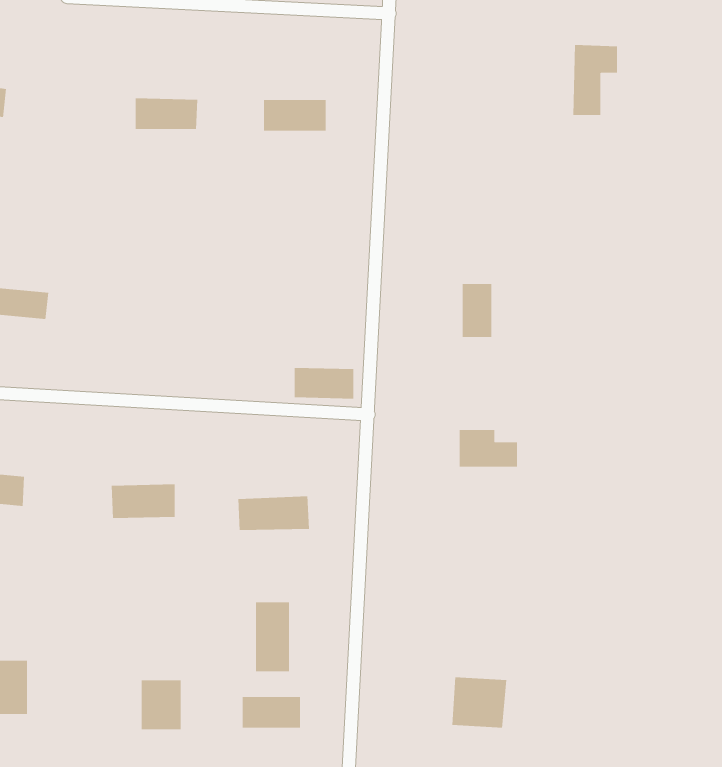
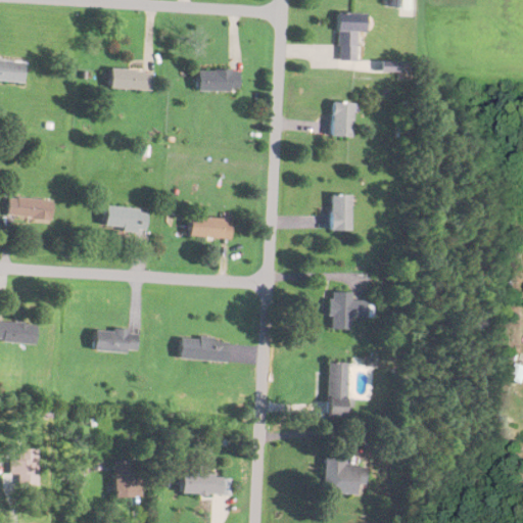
building: [573,45,618,115] -> [338,12,369,60]
building: none -> [333,102,354,137]
building: none -> [104,205,149,231]
building: [294,367,354,399] -> [191,217,232,238]
building: none -> [329,364,348,421]
building: [256,602,289,672] -> none

